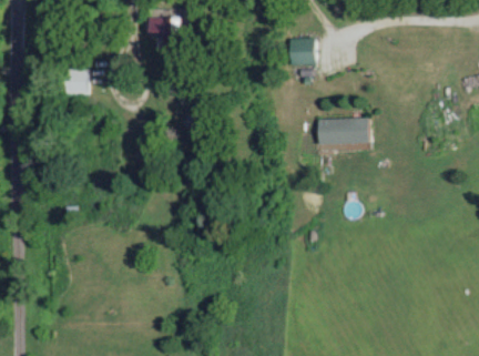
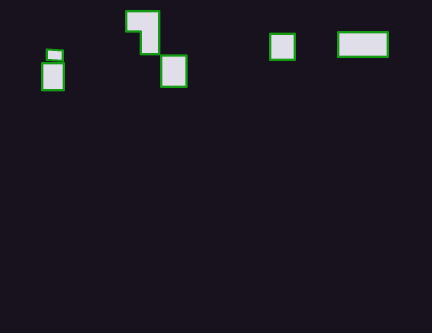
building: none -> [161,56,187,87]
building: [318,119,367,143] -> [338,32,388,57]

